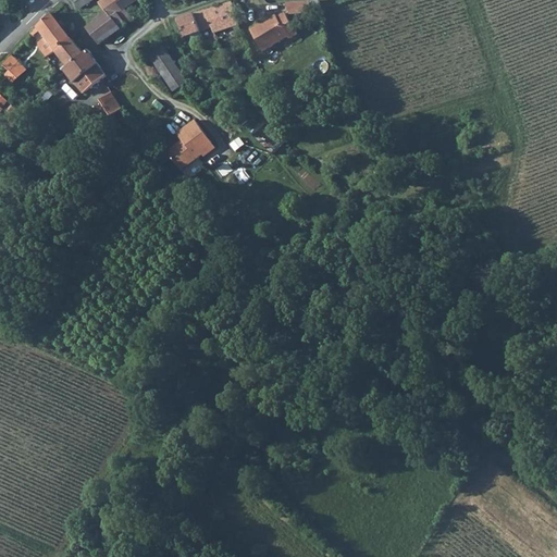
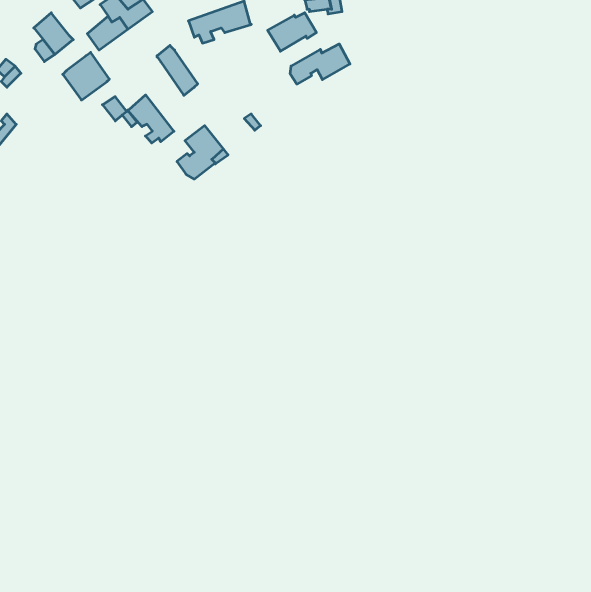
building: [51,37,81,66] -> none
building: none -> [290,44,350,84]
building: none -> [128,95,174,143]

